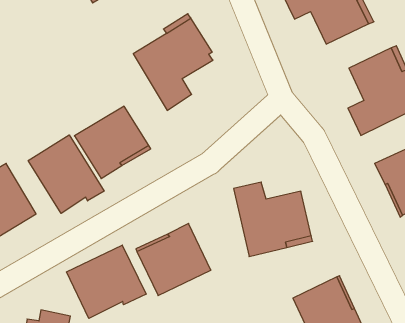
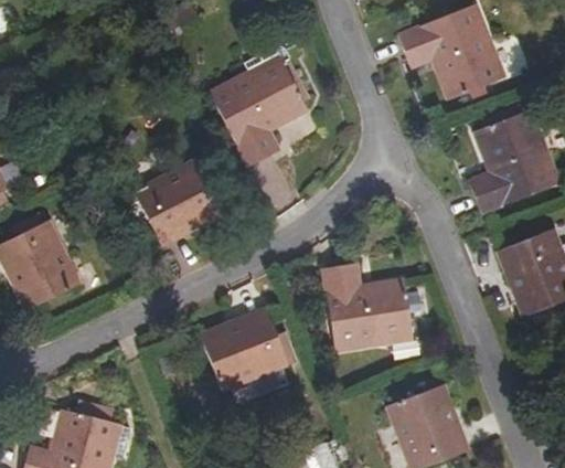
building: [28,135,104,213] -> none
building: [67,245,146,318] -> none

